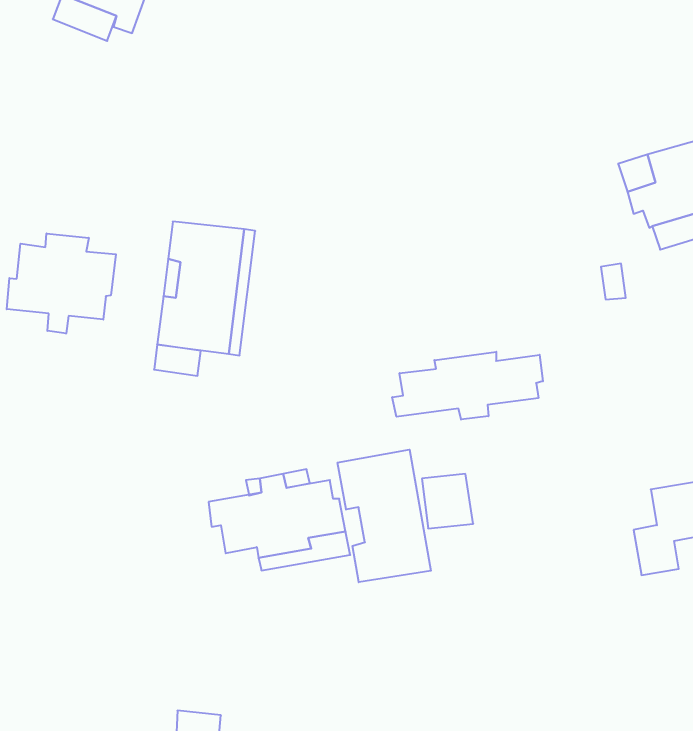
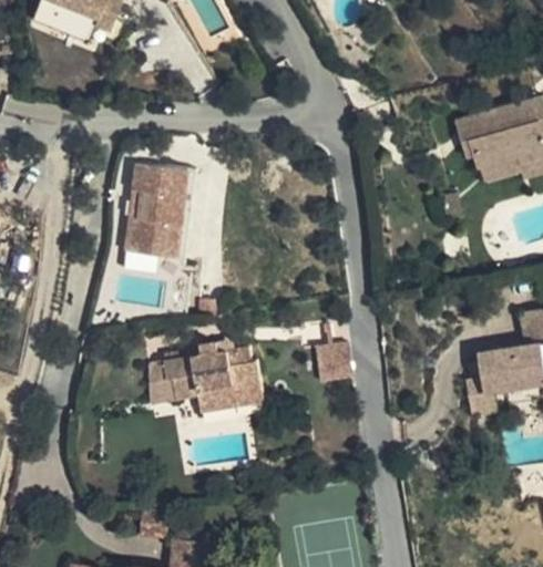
building: [7,233,116,334] -> none
building: [392,352,543,420] -> none
building: [338,450,431,582] -> none

